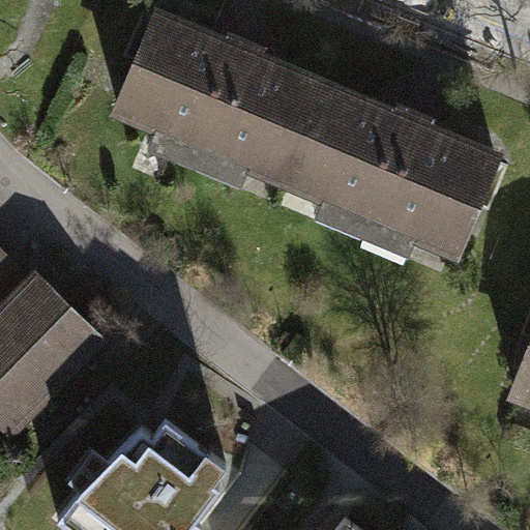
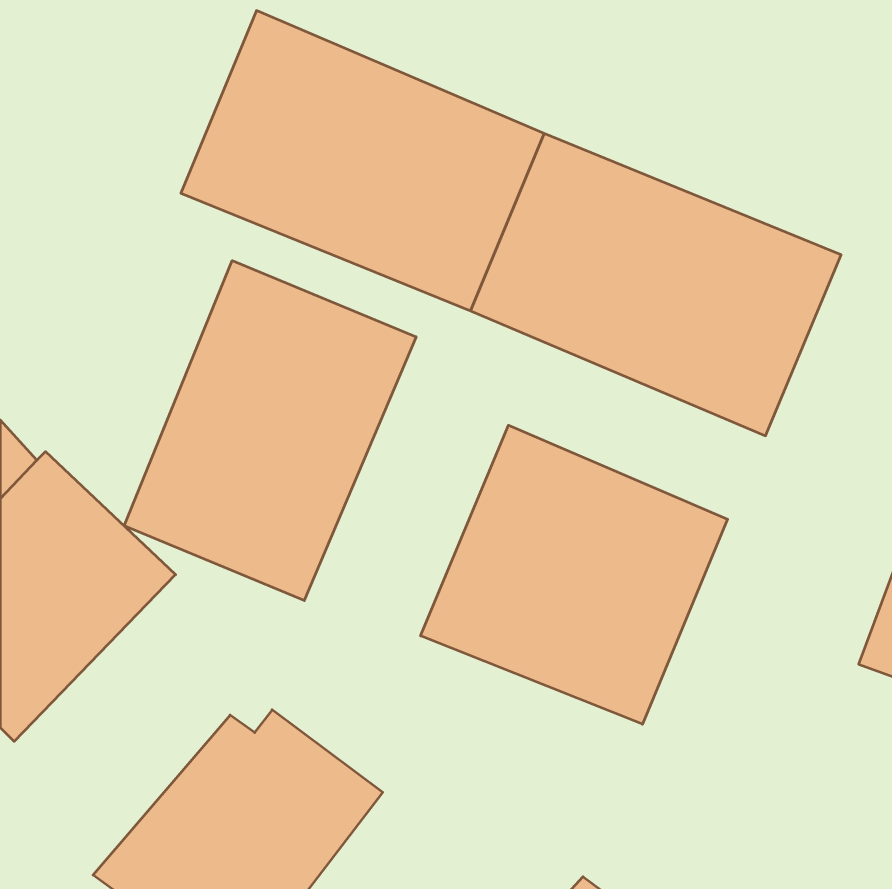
building: none -> [124,261,416,601]
building: none -> [421,425,728,724]

